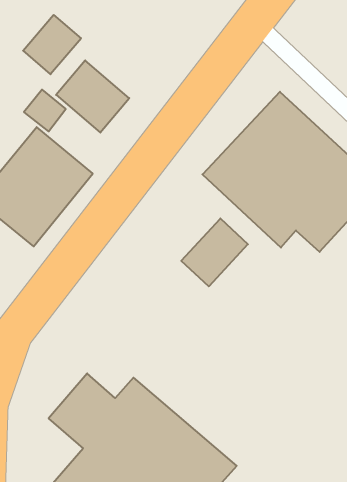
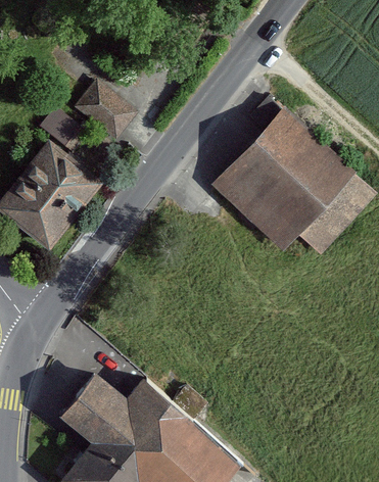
building: [23,15,81,74] -> none
building: [181,218,248,286] -> none

